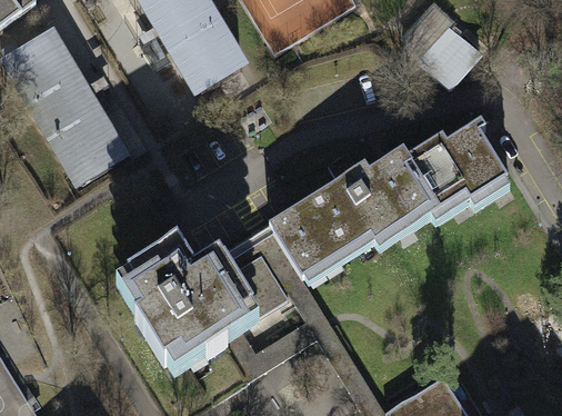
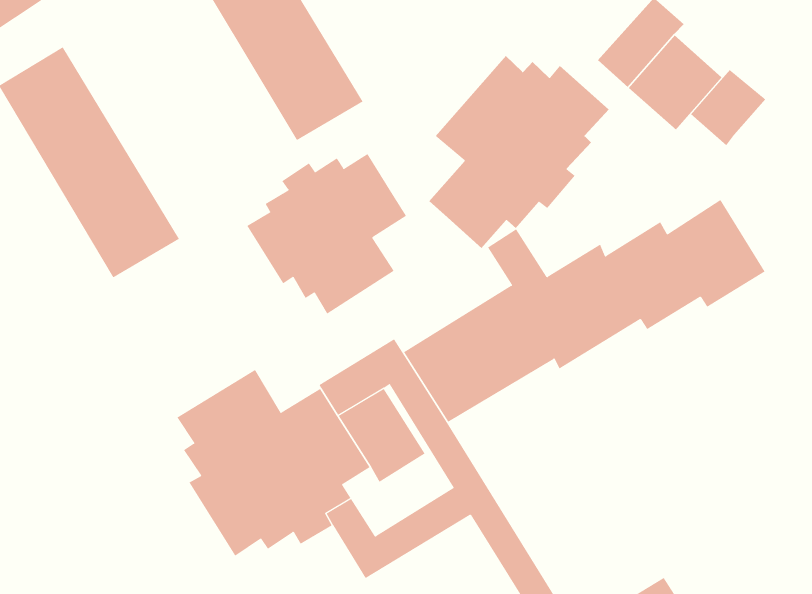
building: none -> [429,55,610,249]
building: none -> [690,69,766,146]
building: none -> [246,153,407,315]

